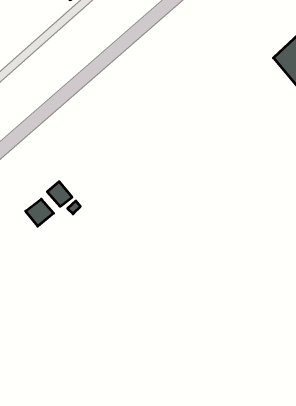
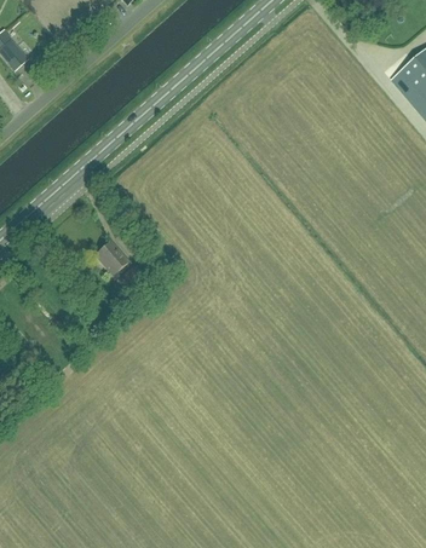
building: [26,199,54,226] -> none

